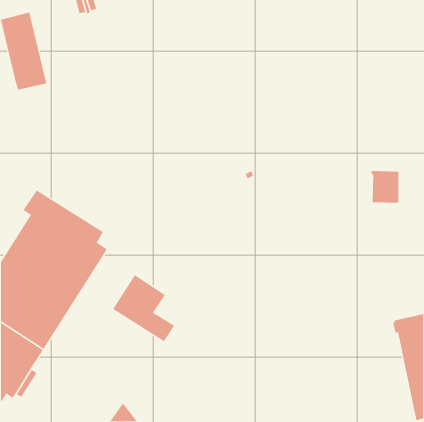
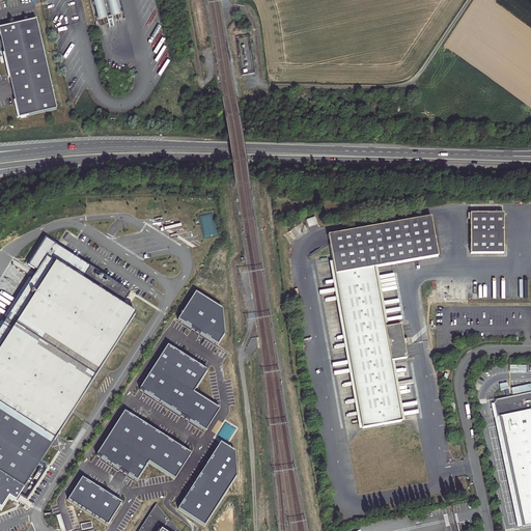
building: none -> [324,216,435,429]
building: none -> [178,290,224,341]
building: none -> [97,410,190,477]
building: none -> [178,440,236,523]
building: none -> [68,475,121,522]

